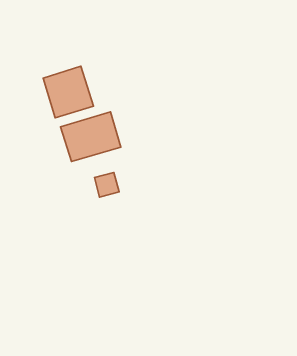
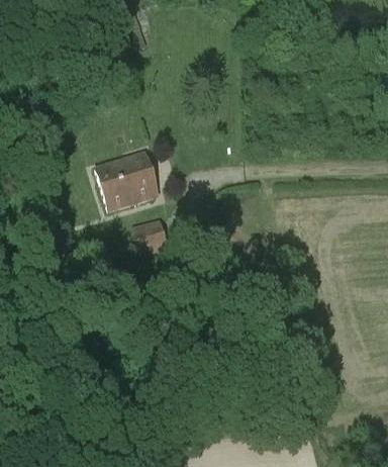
building: [43,66,93,118] -> none

